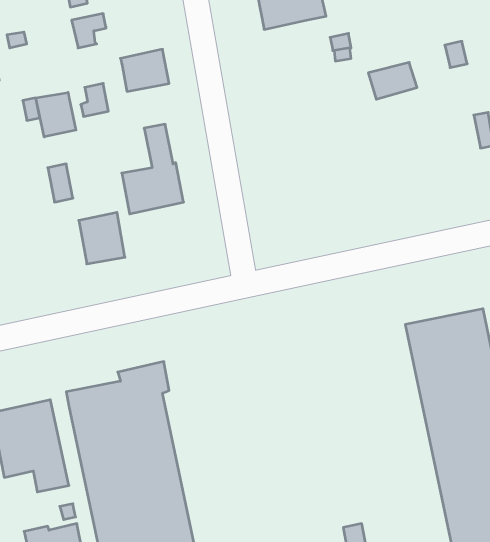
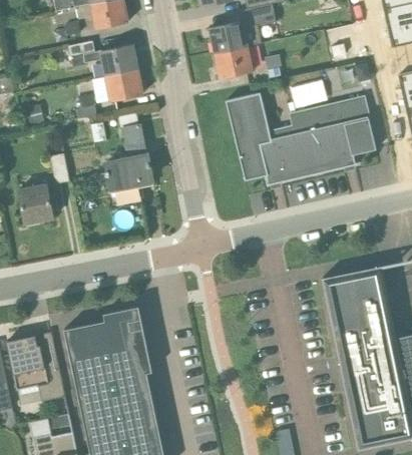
building: none -> [100,44,137,75]
building: none -> [215,46,252,78]
building: none -> [226,92,376,185]
building: [36,92,76,137] -> none
building: [79,212,125,264] -> [18,184,53,223]

